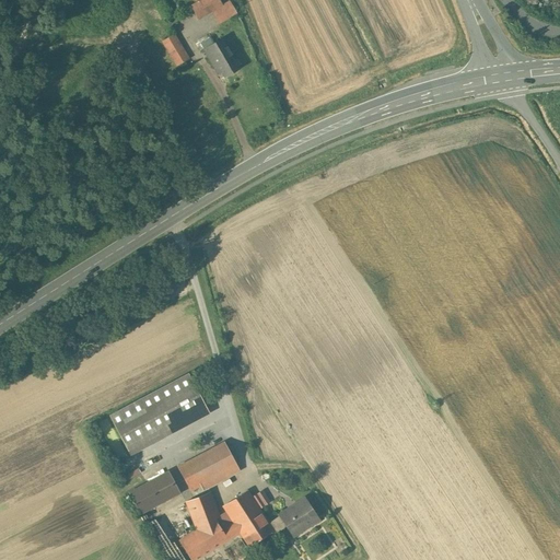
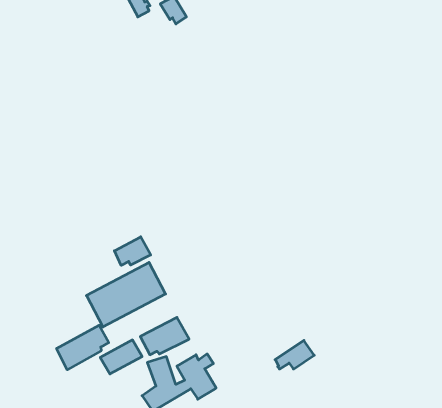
building: none -> [114,237,151,265]
building: none -> [57,325,109,370]
building: [268,500,317,536] -> [275,340,314,369]

